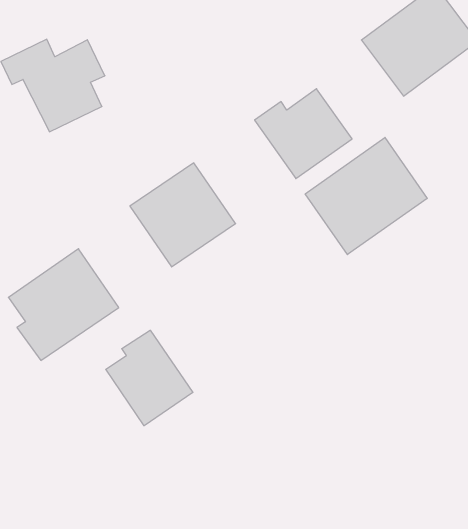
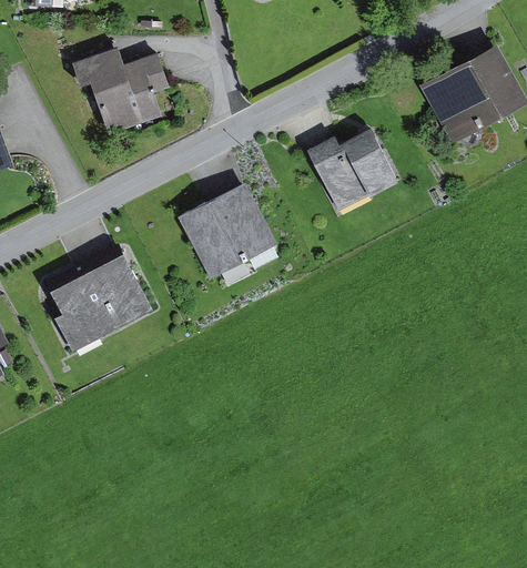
building: [305,137,427,255] -> none
building: [106,330,193,426] -> none

